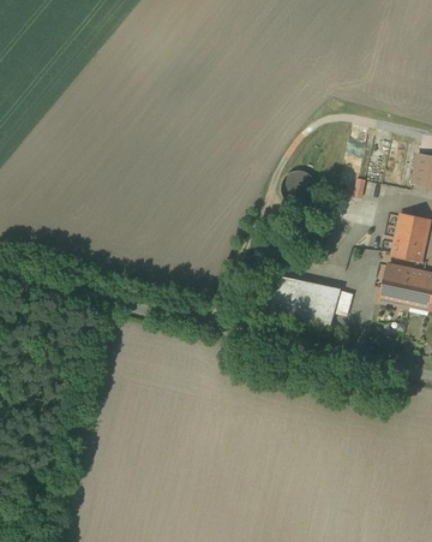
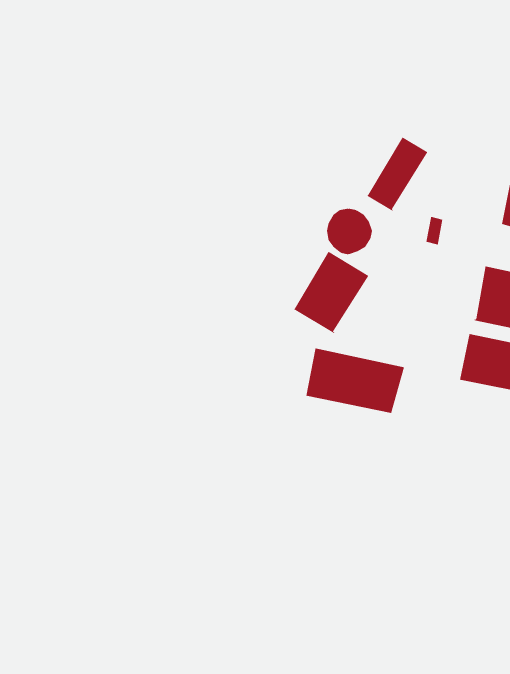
building: none -> [367,137,428,212]
building: none -> [293,251,369,334]

